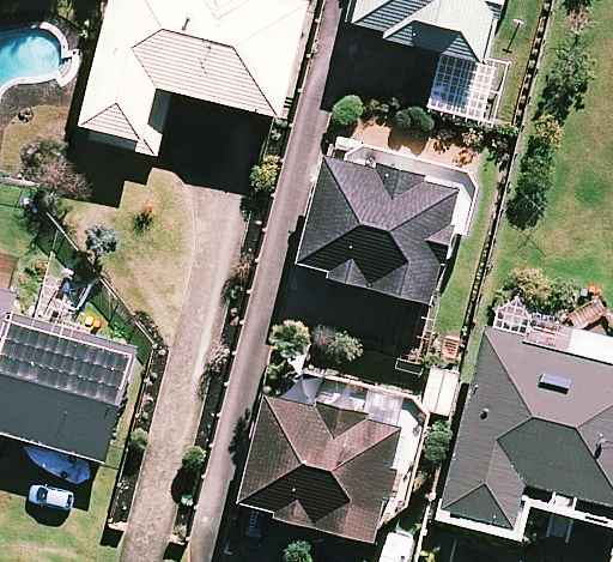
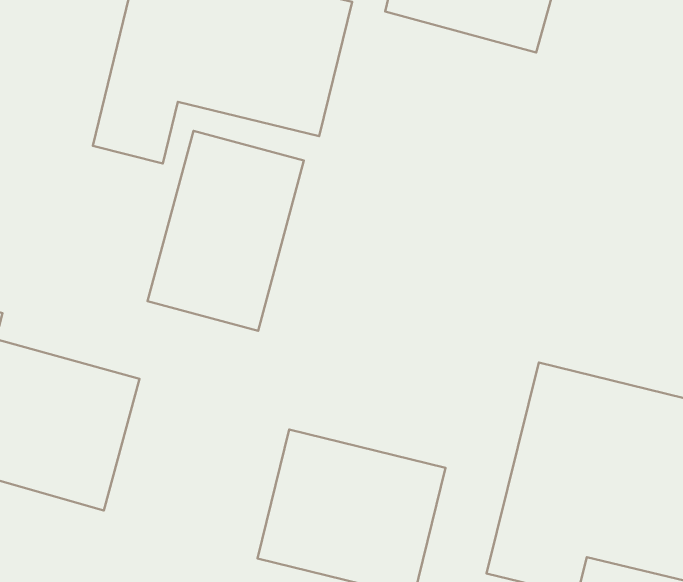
building: none -> [148,131,304,331]
building: [297,146,474,298] -> none

